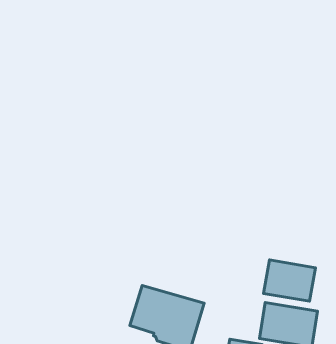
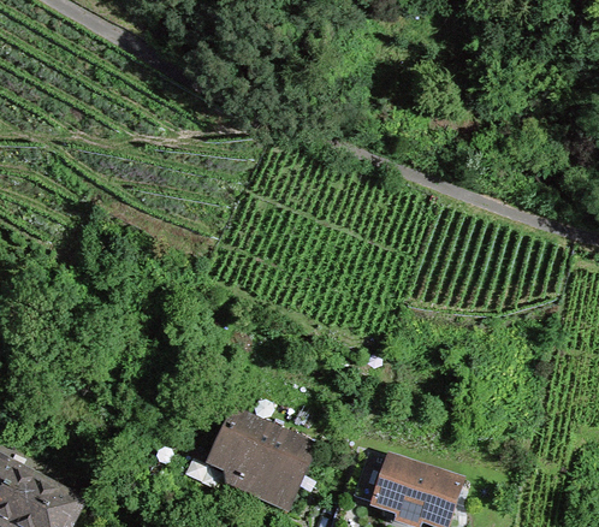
building: [264,260,315,301] -> none

